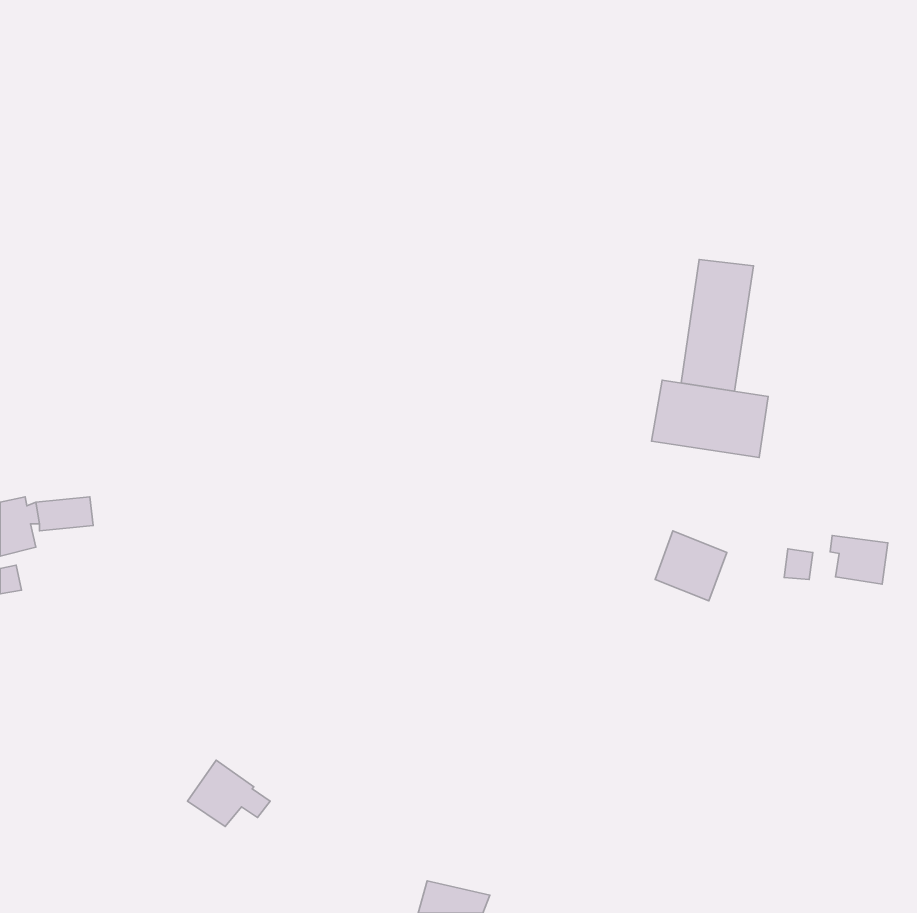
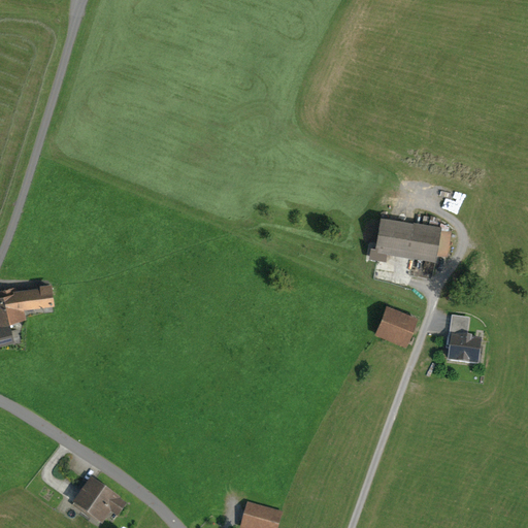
building: [681,260,753,391] -> none
building: [830,536,888,584] -> [447,334,480,362]
building: [188,760,270,826] -> [77,480,125,518]

